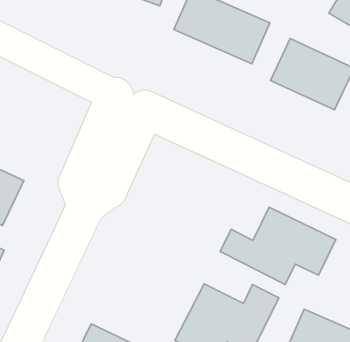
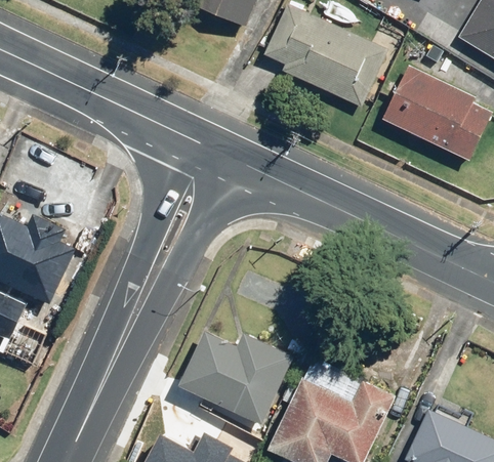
building: [220,207,336,284] -> none
building: none -> [178,329,295,423]

